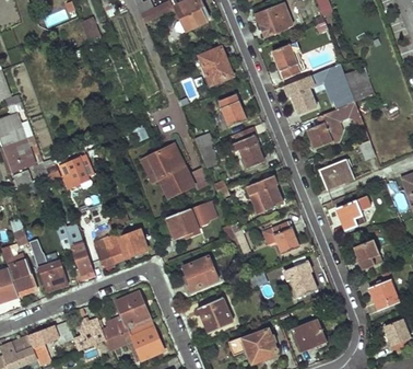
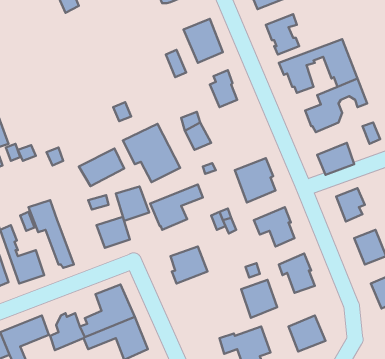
building: [229,128,263,170] -> none
building: none -> [79,149,124,186]
building: [93,233,123,265] -> [116,186,149,221]
building: [198,298,231,333] -> [241,280,277,318]

